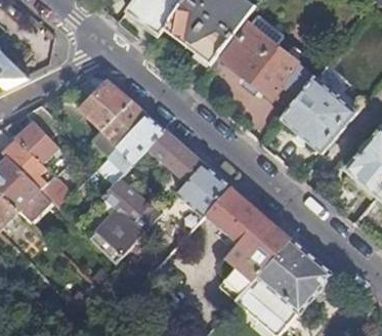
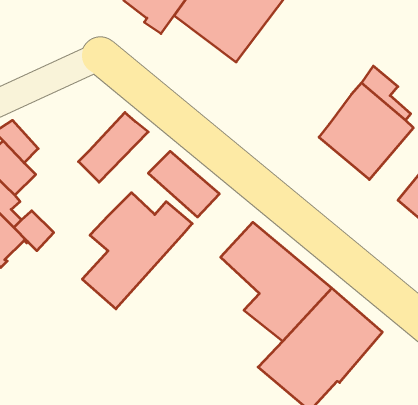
building: [223,15,307,109] -> none
building: [78,77,128,130] -> none
building: [98,115,164,181] -> none
building: [175,164,229,217] -> none

